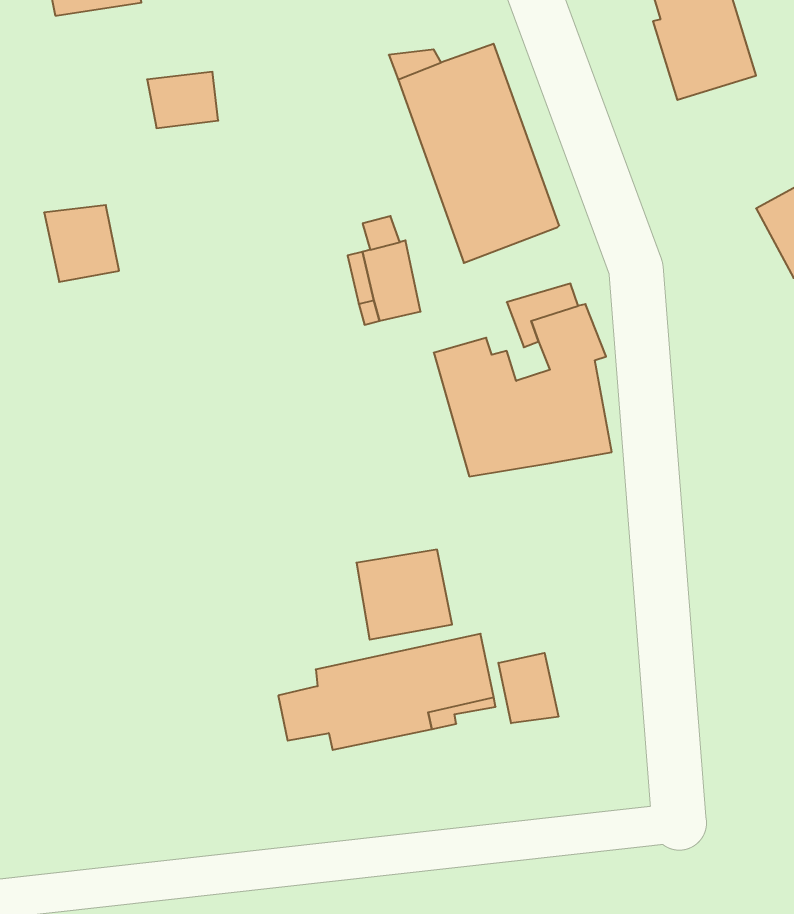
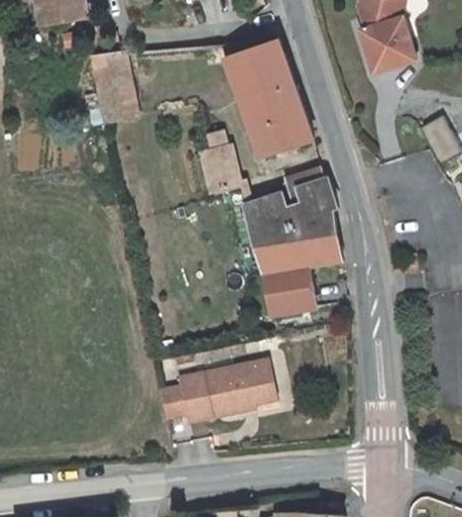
building: [44,205,119,282] -> [95,81,135,122]
building: [356,550,452,640] -> [263,266,315,314]
building: [498,653,558,723] -> none

